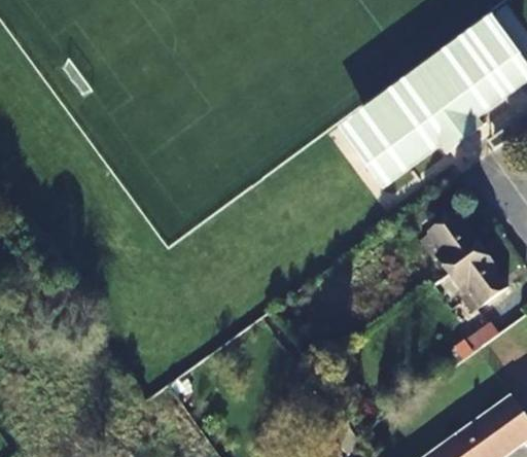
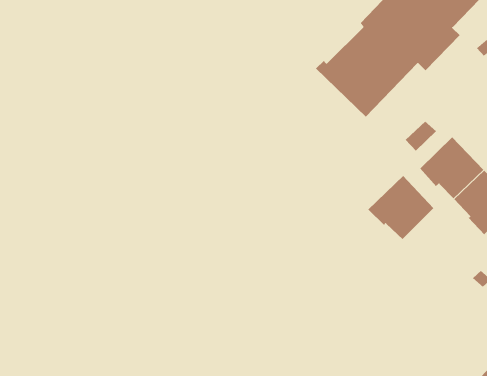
building: none -> [367,175,434,240]

